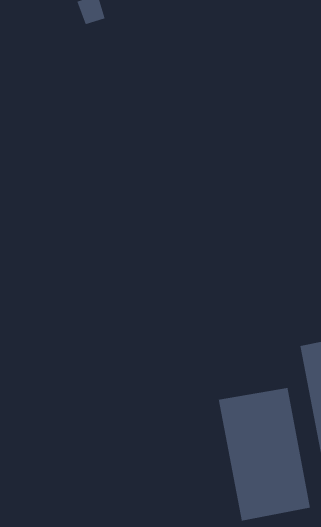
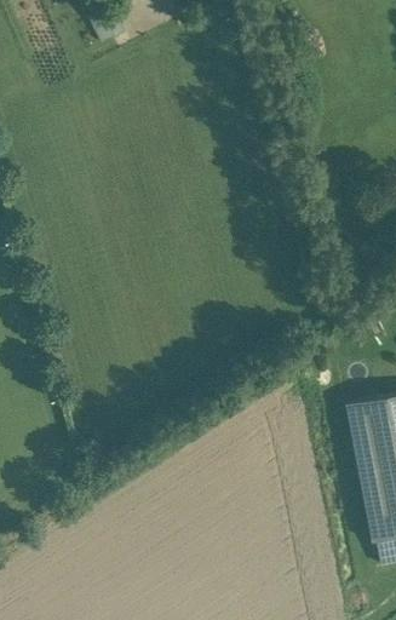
building: [218,387,311,521] -> none

